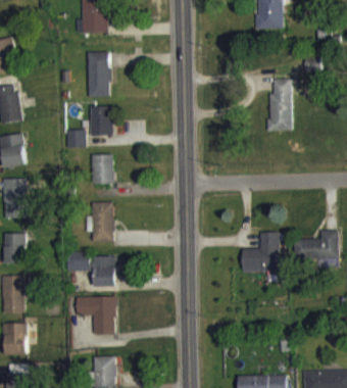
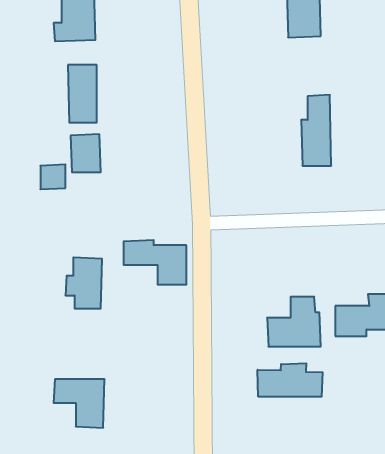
building: [91,155,113,185] -> none
building: [66,252,115,287] -> [124,240,186,285]
building: none -> [258,363,323,397]

